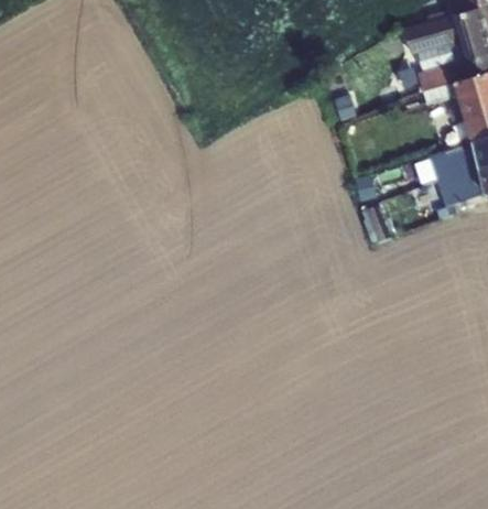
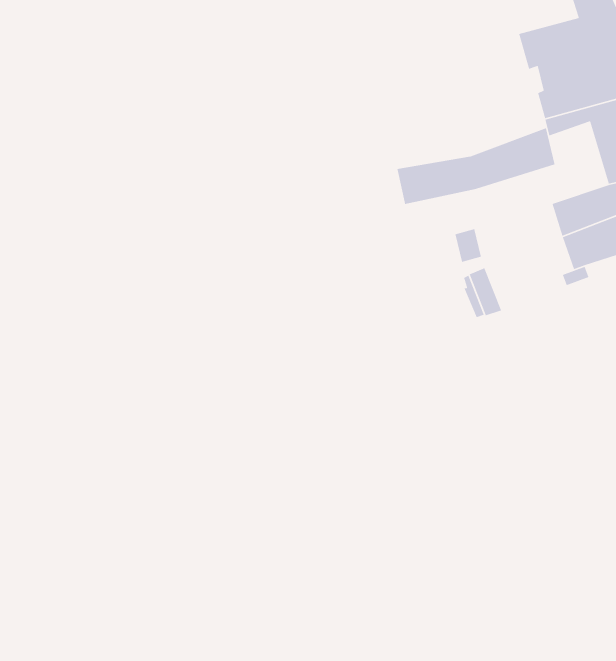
building: none -> [396,127,556,205]

